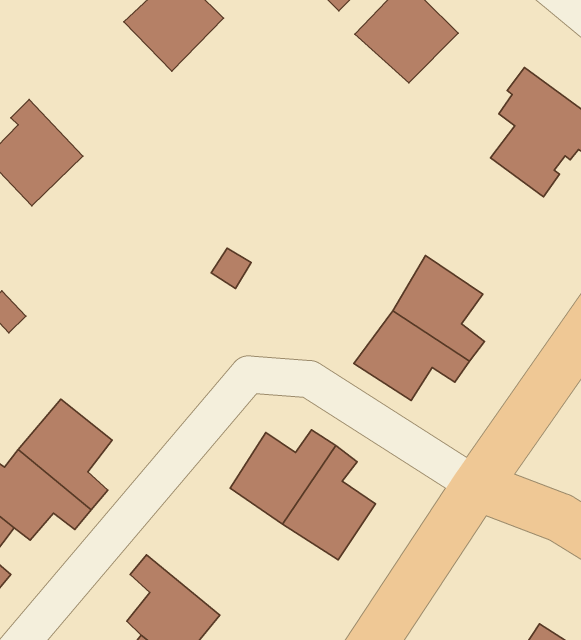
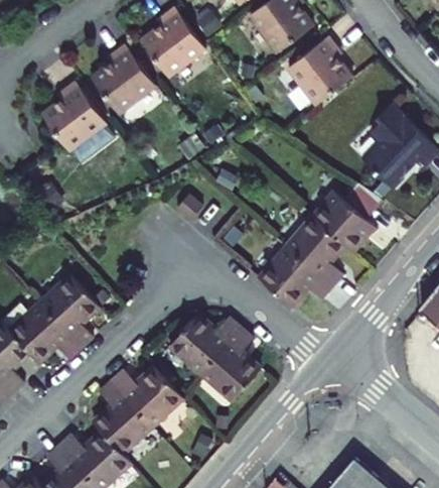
building: none -> [93,44,154,112]
building: none -> [312,184,383,251]
building: none -> [111,367,183,426]

